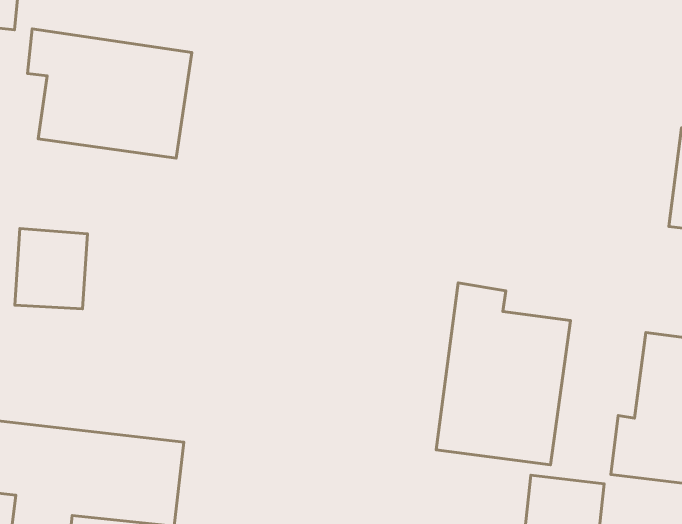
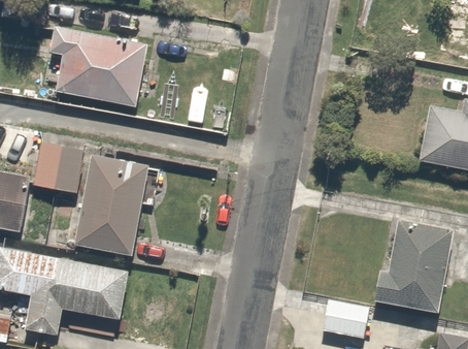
building: none -> [74,159,147,255]
building: [436,283,571,465] -> none

